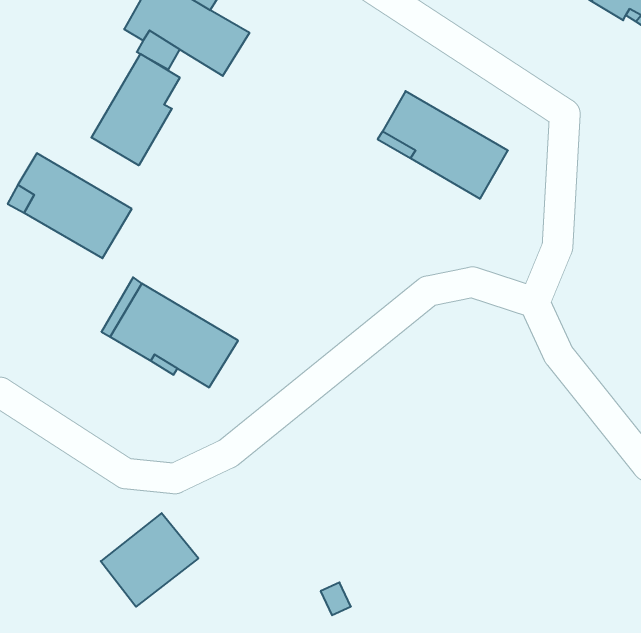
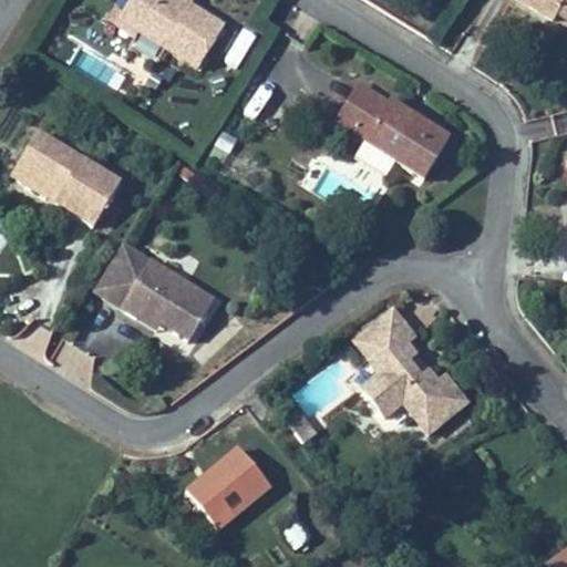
building: [91,54,180,165] -> none
building: none -> [353,310,465,430]
building: [101,513,198,607] -> [190,443,276,525]

